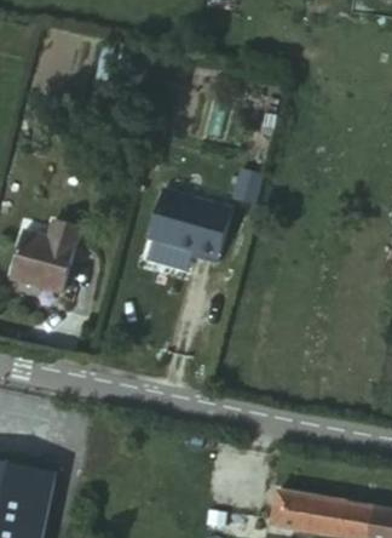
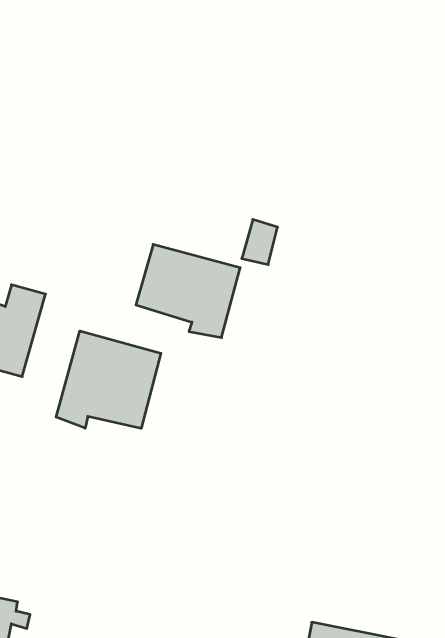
building: none -> [56,331,161,428]

